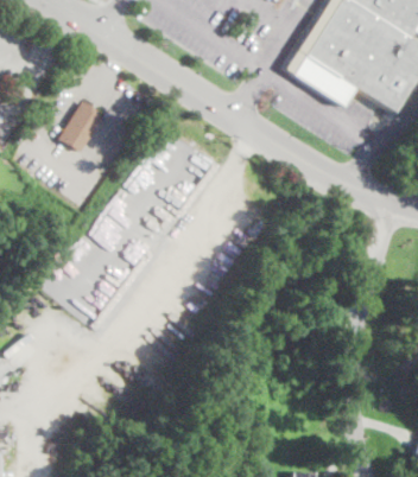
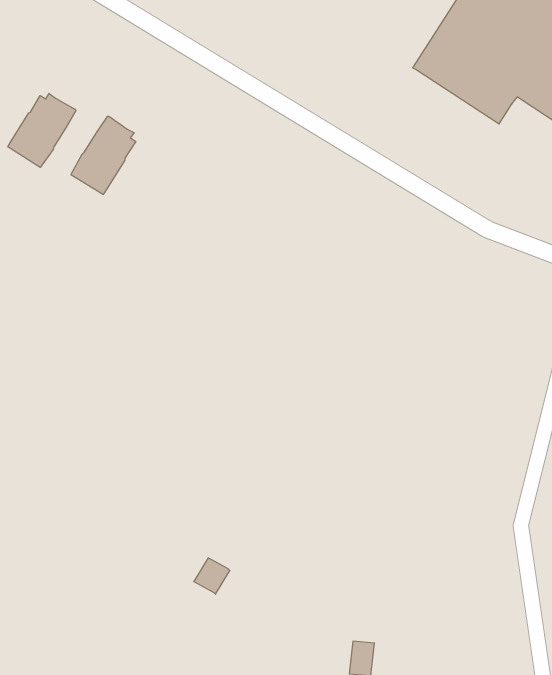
building: none -> [8,93,76,167]

